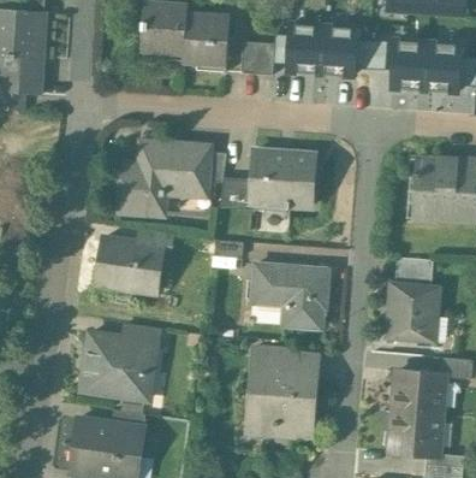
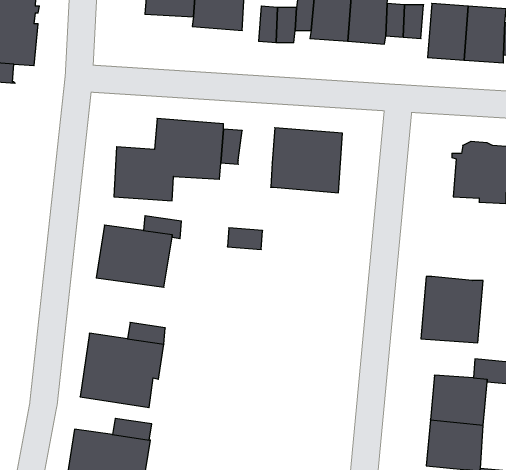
building: [219,179,254,211] -> none
building: [394,258,433,287] -> none
building: [252,266,329,330] -> none
building: [251,353,314,435] -> none

